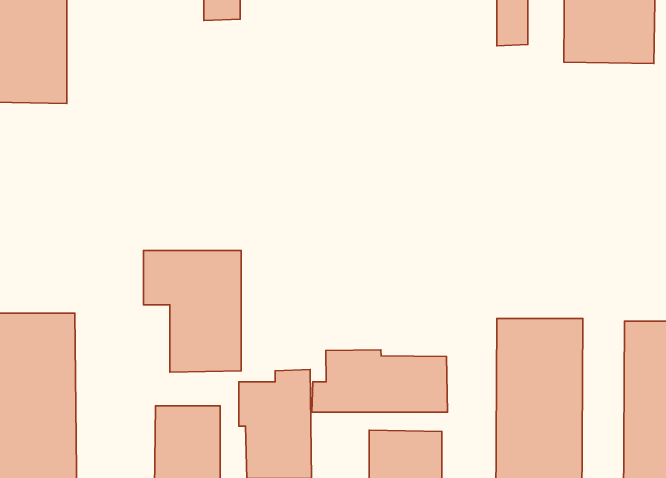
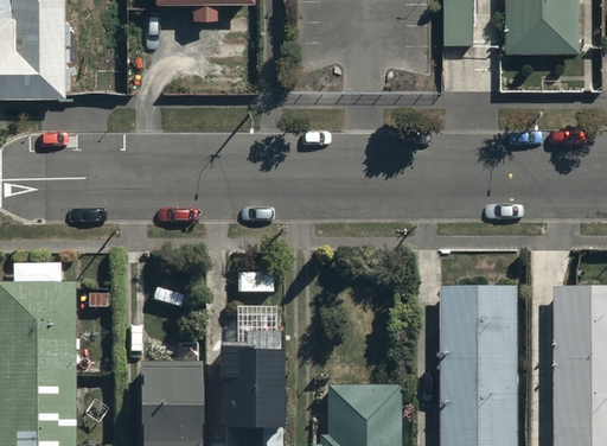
building: [144,251,241,372] -> none
building: [312,350,447,412] -> none

